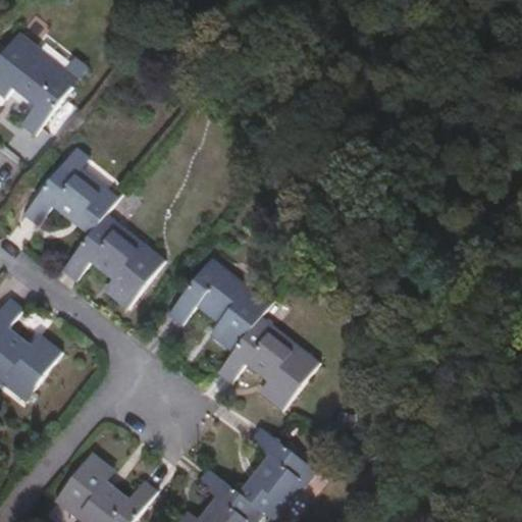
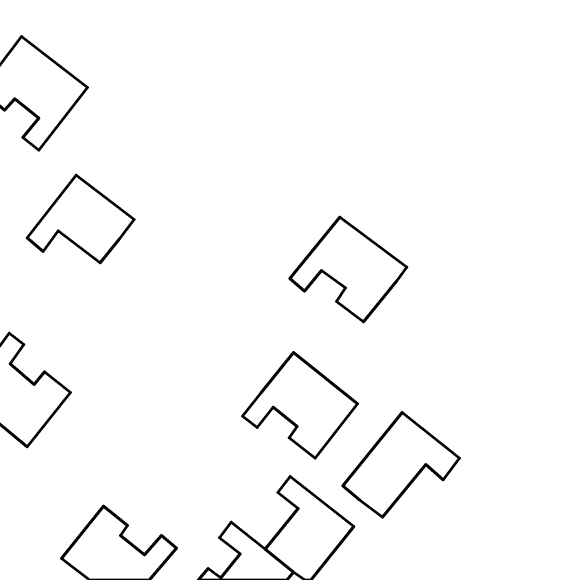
building: [62,214,165,308] -> none
building: [167,259,272,353] -> [290,217,407,322]
building: none -> [343,413,459,517]

